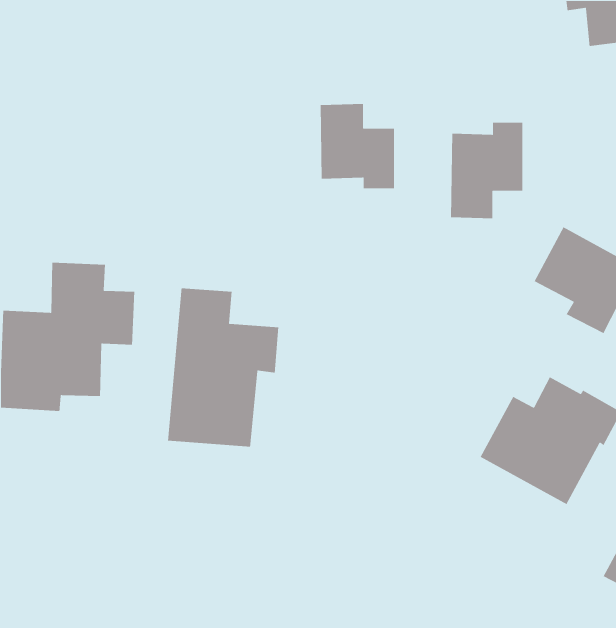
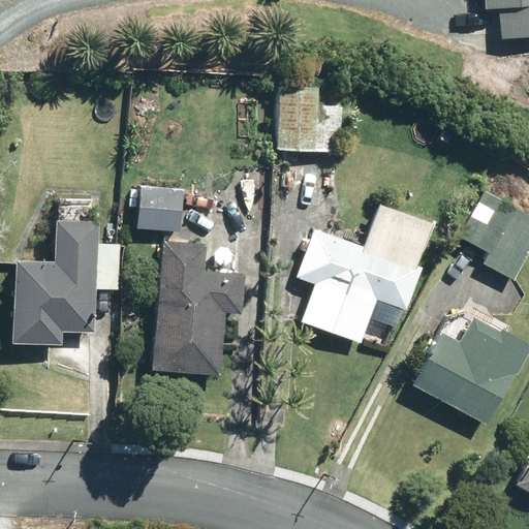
building: [450,122,523,219] -> none
building: none -> [137,186,184,234]
building: none -> [300,205,432,344]

